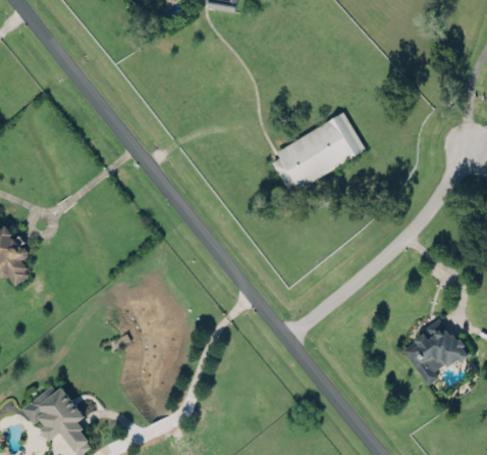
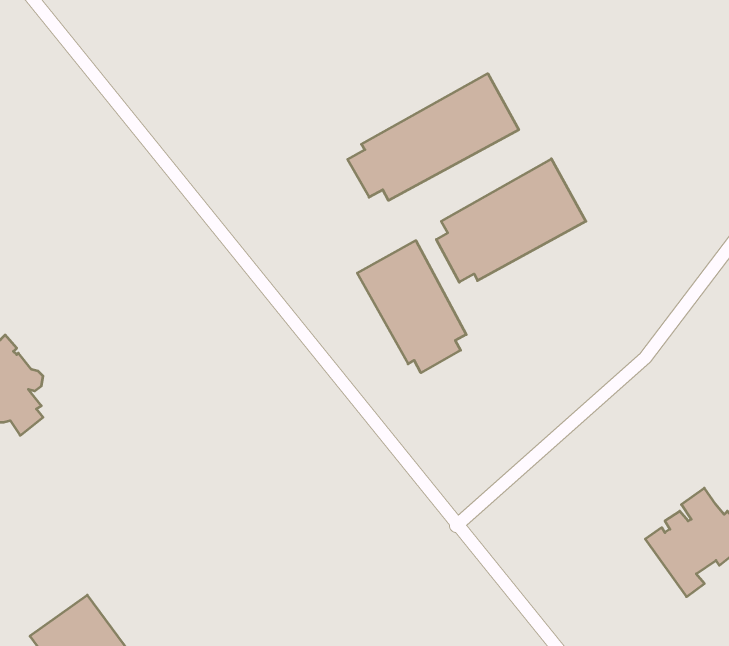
building: none -> [348,74,519,200]
building: none -> [357,241,466,373]

